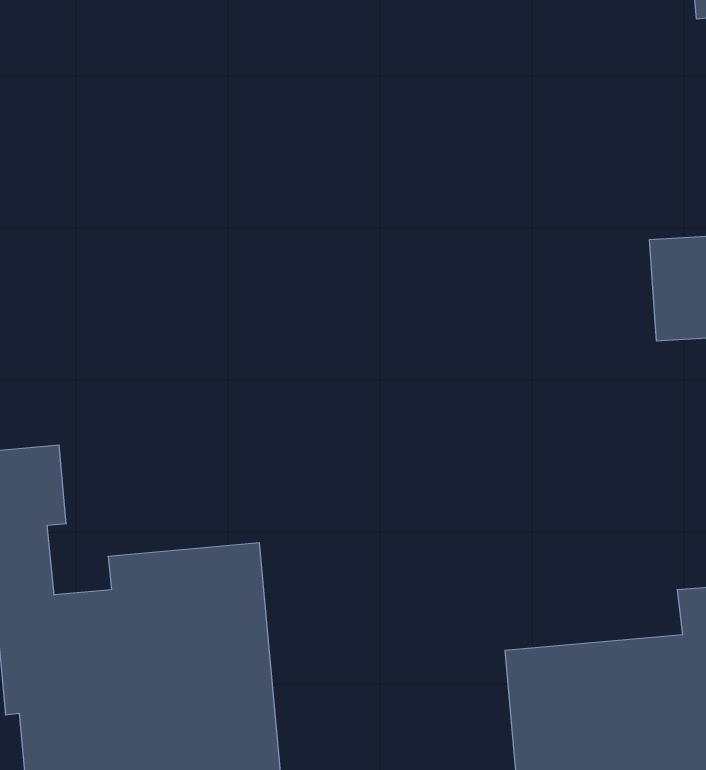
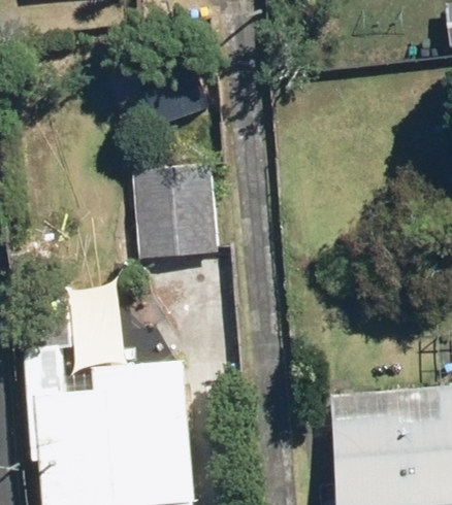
building: none -> [127,163,215,259]

